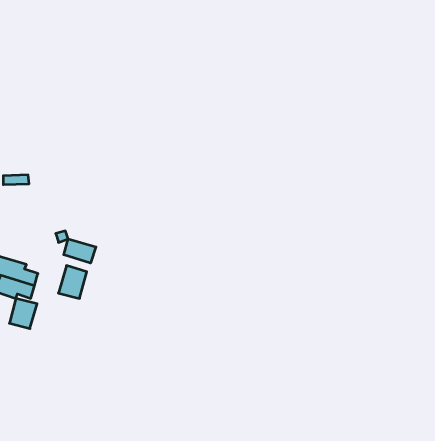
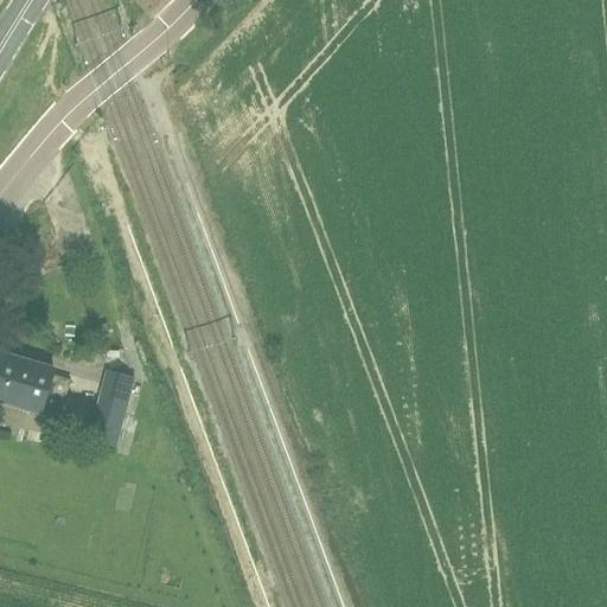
building: [64,239,96,263] -> none
building: [9,298,37,329] -> [88,405,124,446]

